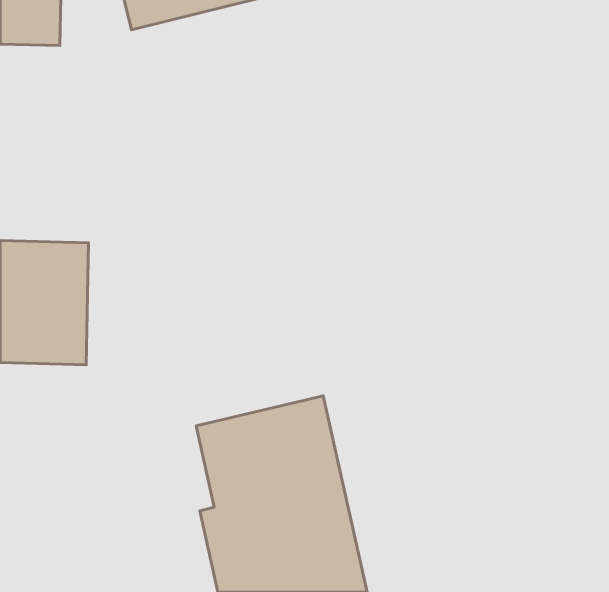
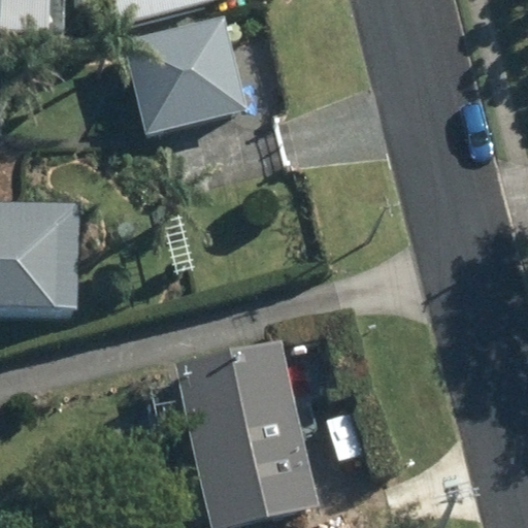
building: none -> [123,19,246,133]

